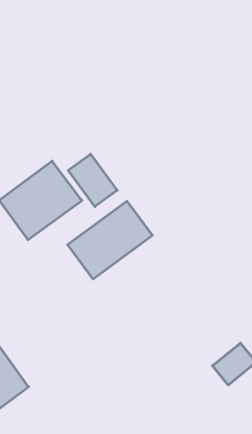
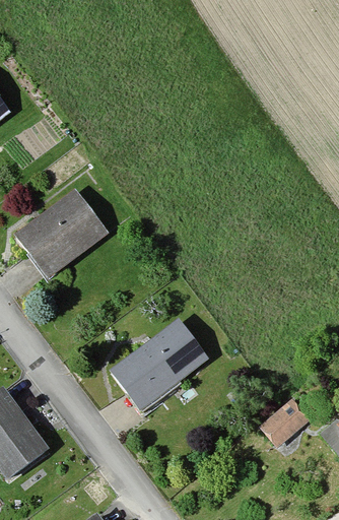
building: [68,154,117,207] -> none
building: [68,201,152,279] -> [111,319,209,409]

